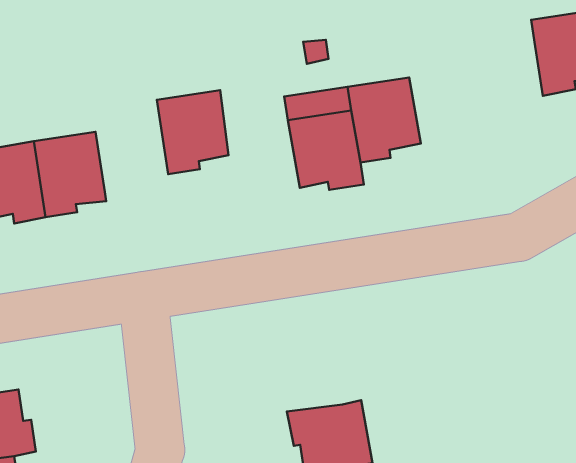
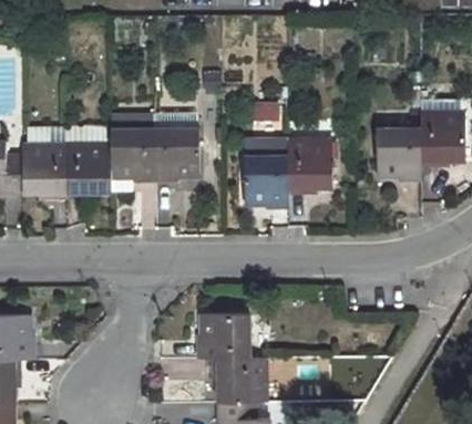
building: none -> [376,128,420,180]
building: none -> [110,128,155,186]
building: none -> [197,311,250,356]

